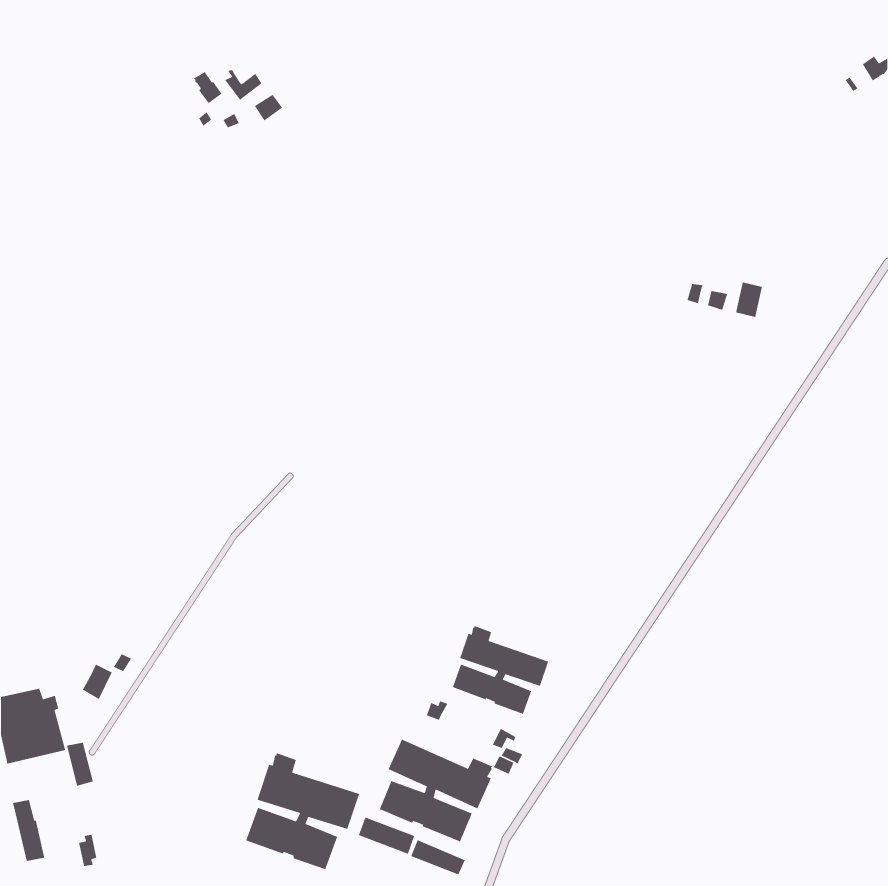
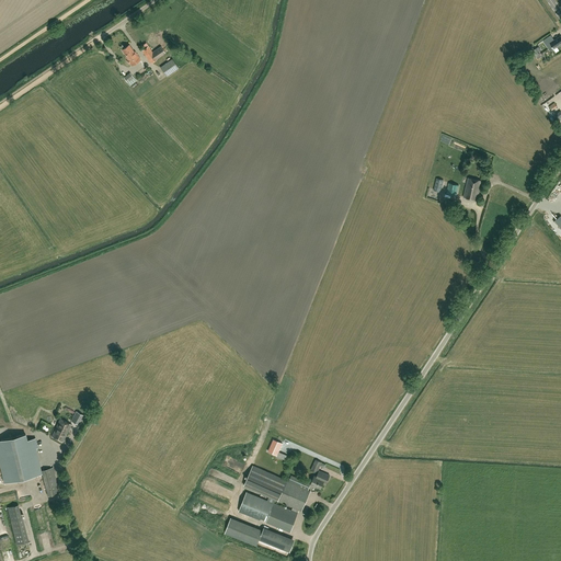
building: [452,625,549,715] -> none
building: [245,752,360,870] -> none

